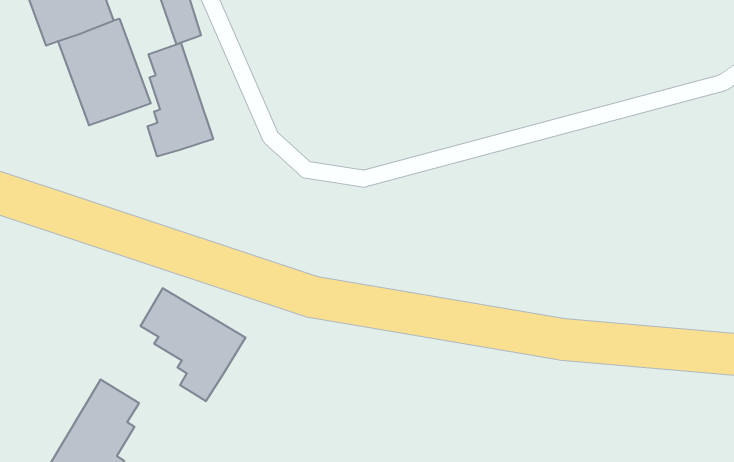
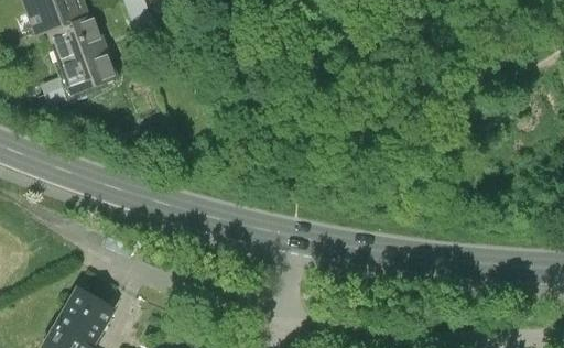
building: [148,43,213,156] -> none
building: [141,288,245,401] -> none

